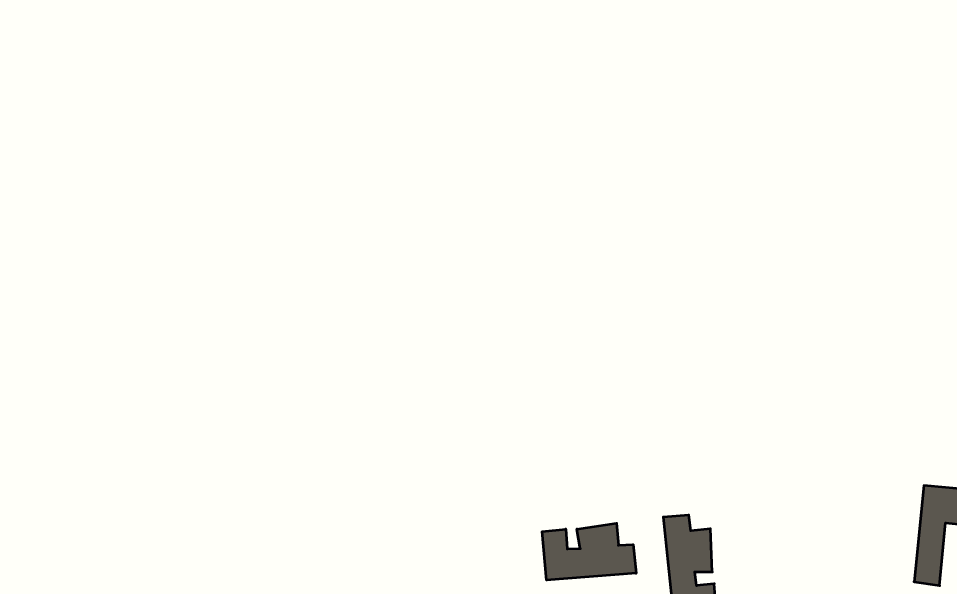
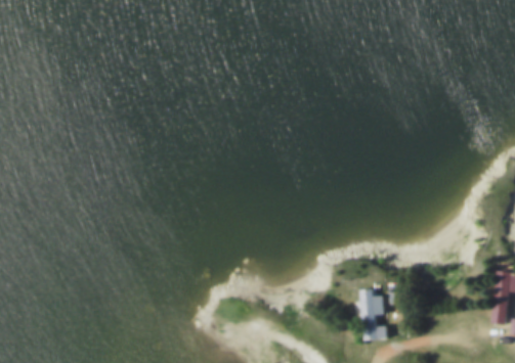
building: [542,523,636,580] -> none

